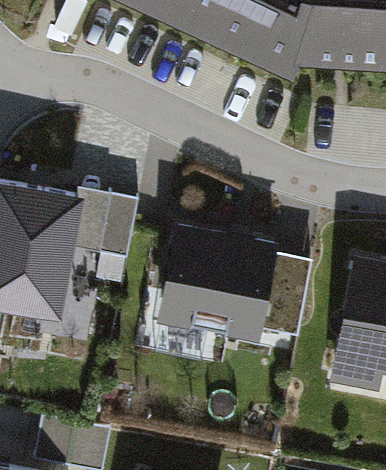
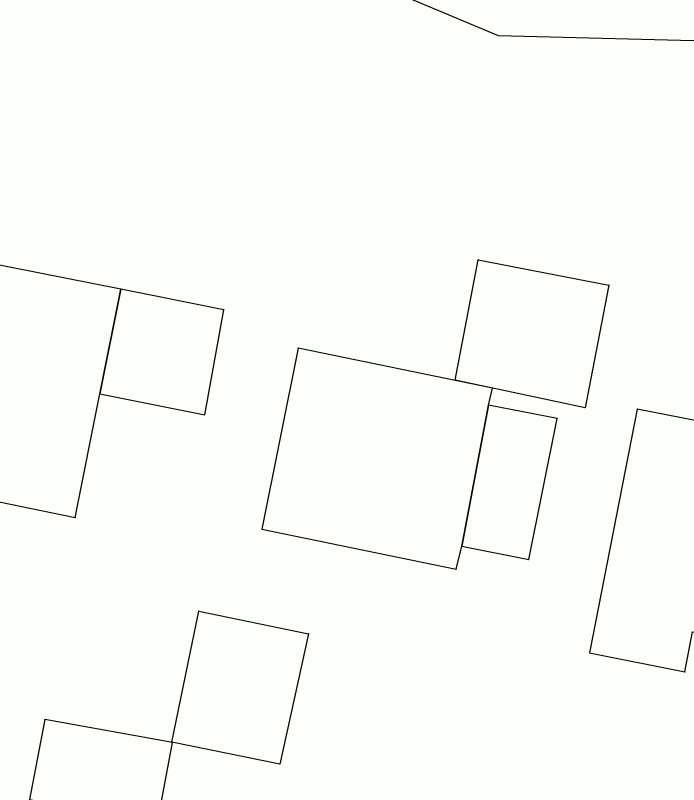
building: none -> [455,260,609,408]
building: none -> [172,611,309,764]

